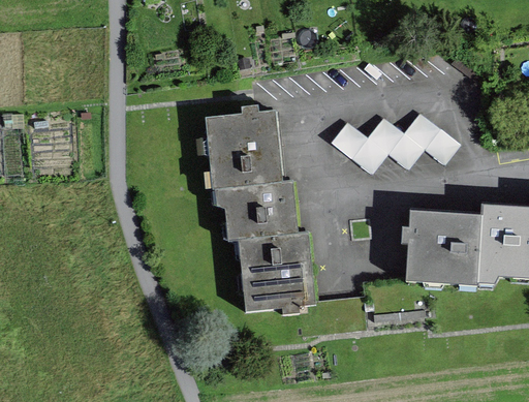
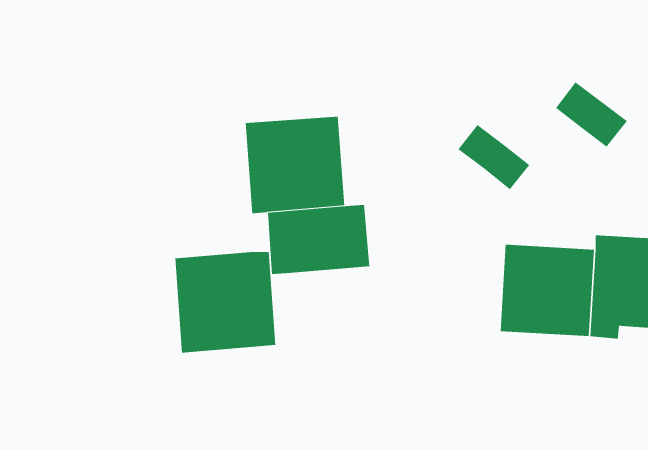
building: [405,114,462,165] -> [555,81,628,147]
building: [332,122,388,174] -> none
building: [238,229,317,309] -> [174,251,276,353]

